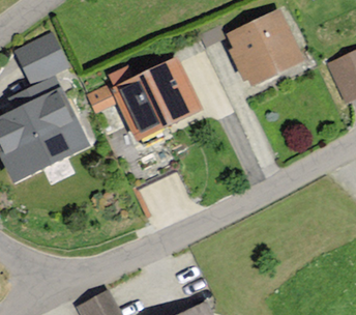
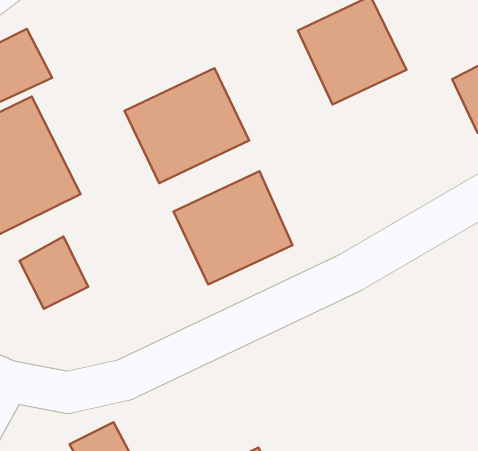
building: none -> [174,171,293,284]
building: none -> [20,236,88,309]

